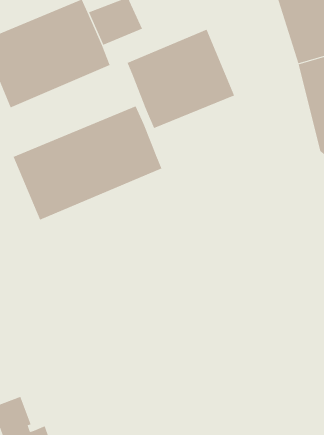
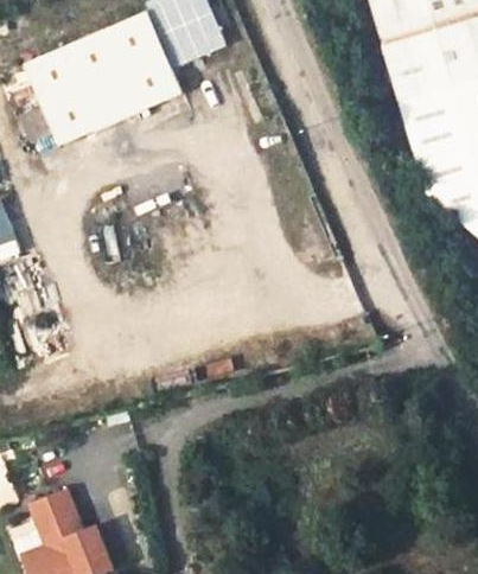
building: [127,29,235,129] -> none
building: [13,106,162,221] -> none

